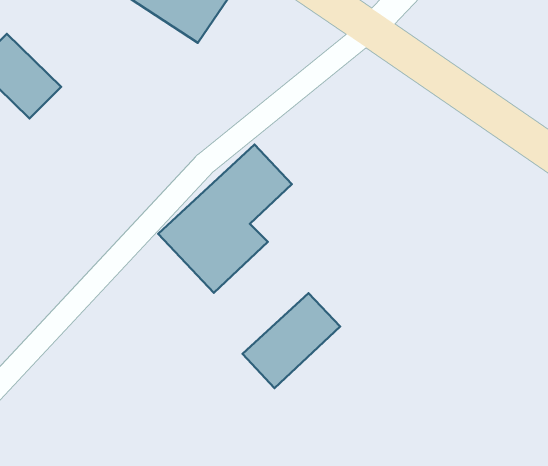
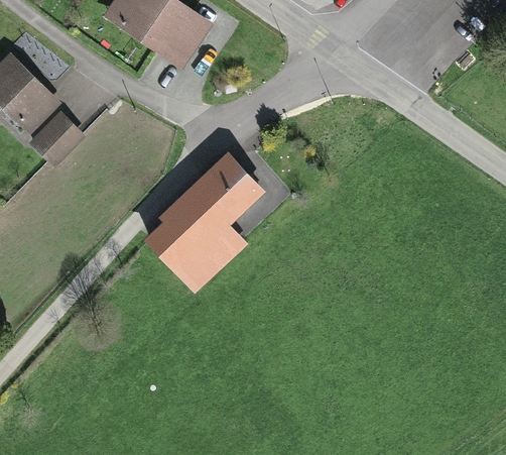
building: none -> [30,113,84,165]
building: [243,293,340,388] -> none

